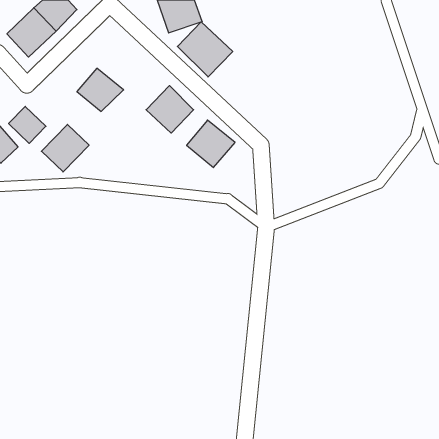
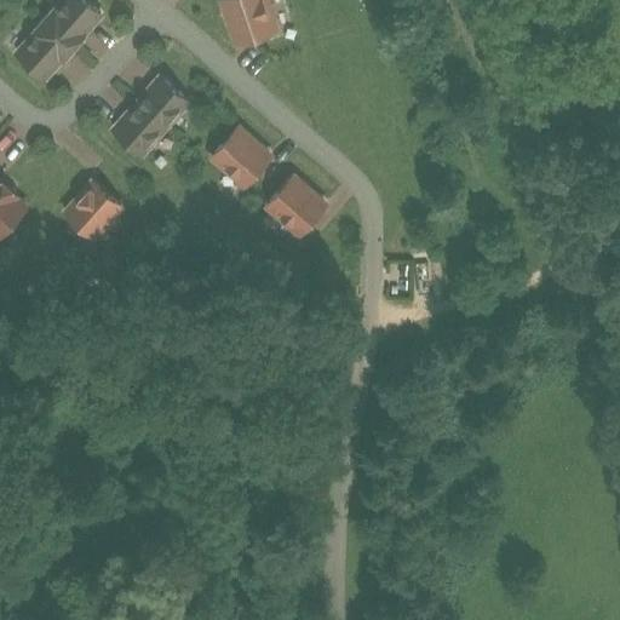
building: [177,22,233,77] -> none
building: none -> [136,73,195,130]
building: [9,106,46,143] -> none

